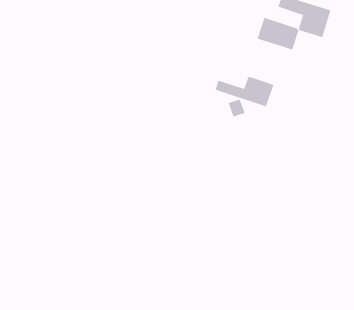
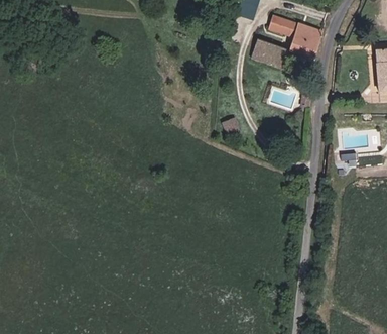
building: [215,76,274,107] -> none

